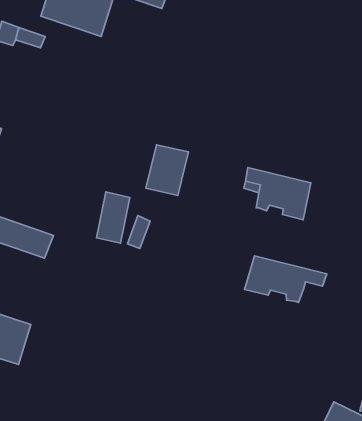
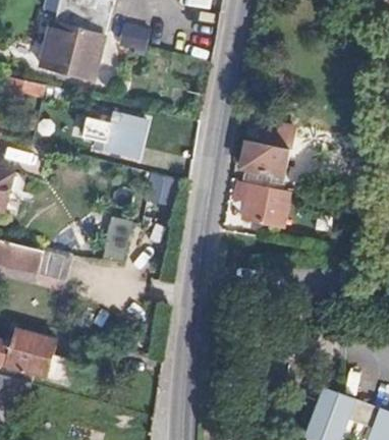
building: none -> [91,112,144,156]
building: none -> [240,123,291,178]
building: [244,256,327,303] -> none

